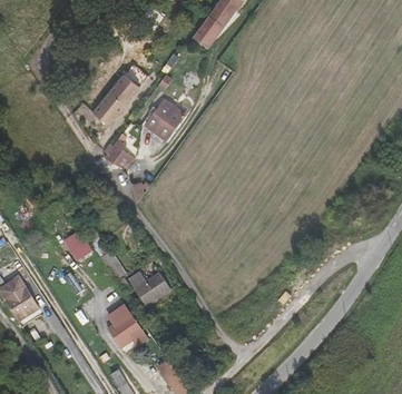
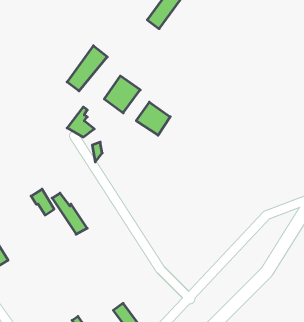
building: none -> [136,102,170,135]
building: [127,274,169,307] -> none
building: [106,302,146,344] -> none

